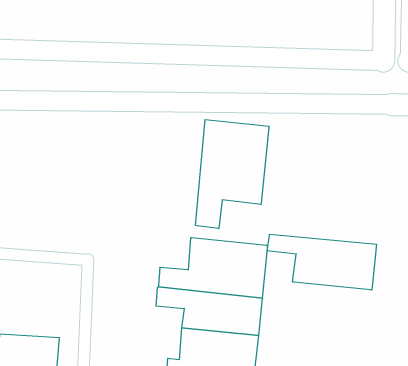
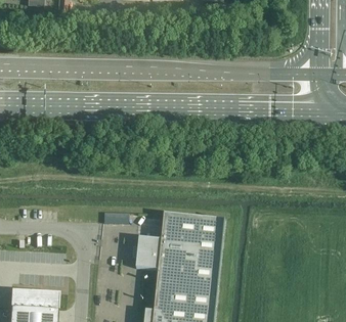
building: [196,120,269,229] -> none
building: [267,234,377,290] -> none

